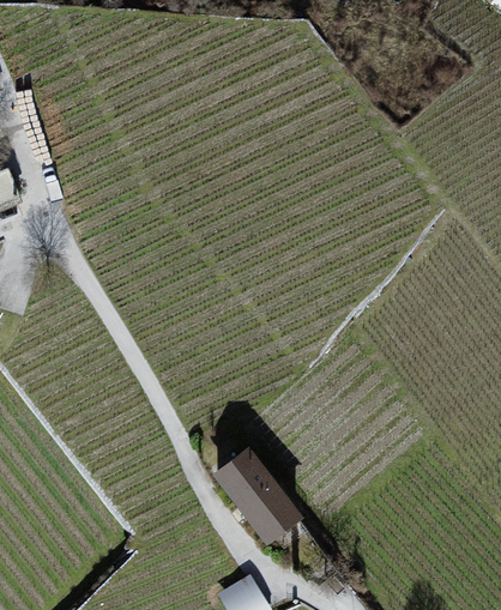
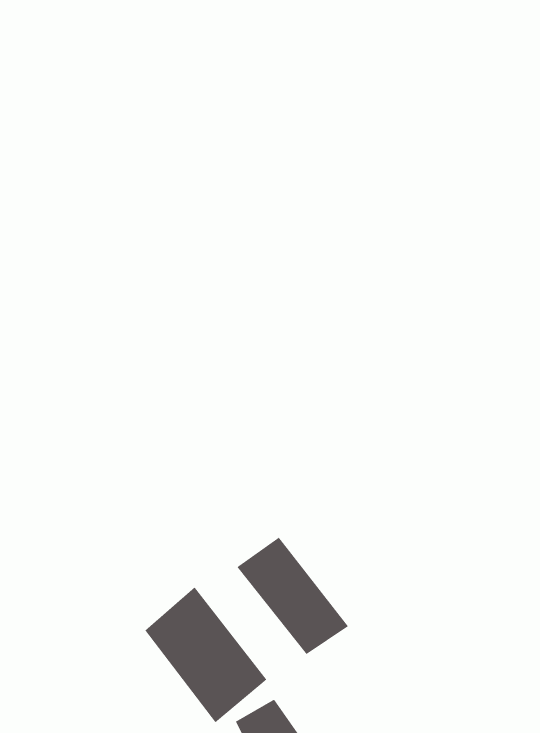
building: none -> [145,587,267,723]

